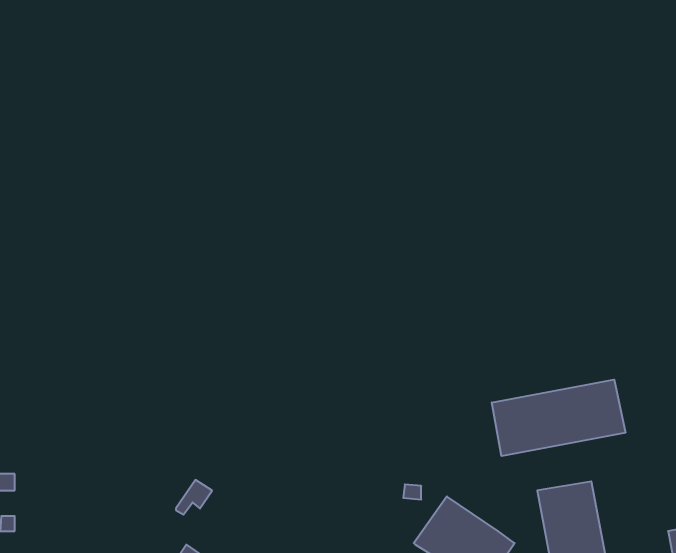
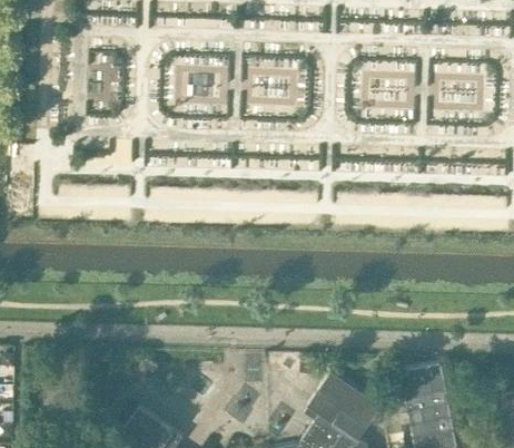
building: [492,380,625,456] -> none

